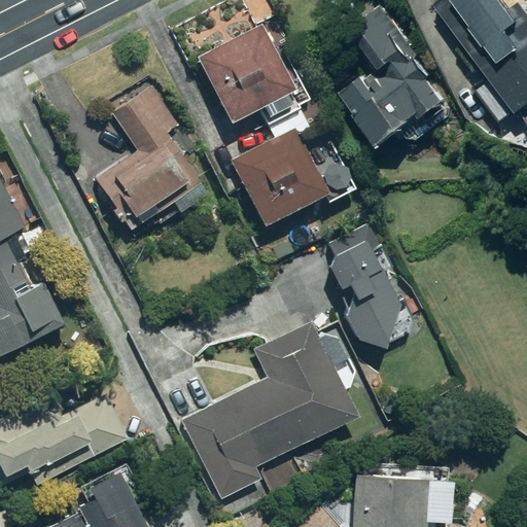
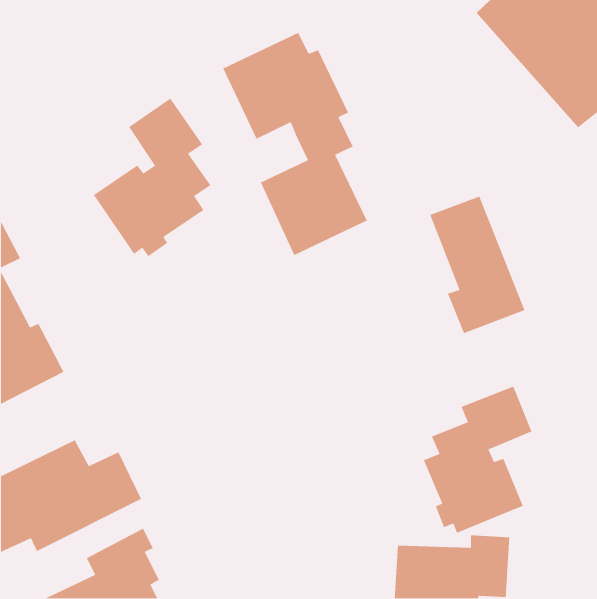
building: [339,6,451,149] -> none
building: [326,226,411,348] -> [429,196,526,334]
building: [181,323,358,498] -> none
building: none -> [423,385,533,534]

